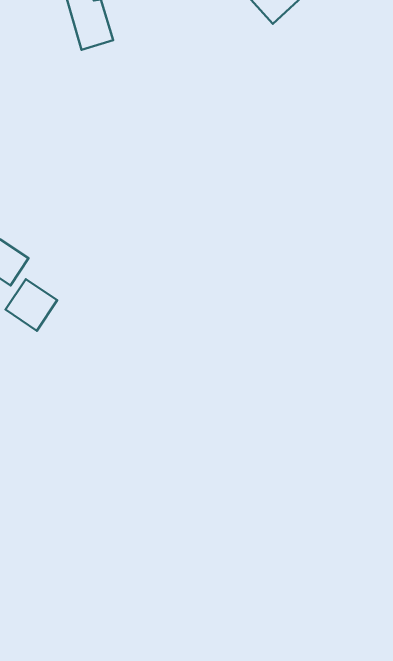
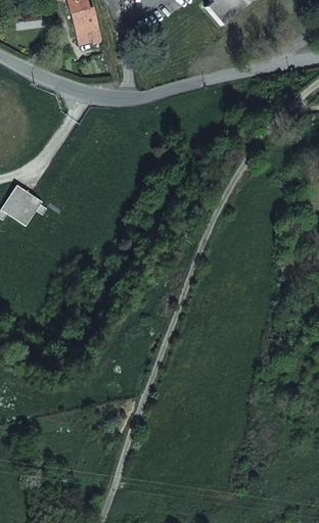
building: [6,279,57,331] -> none

